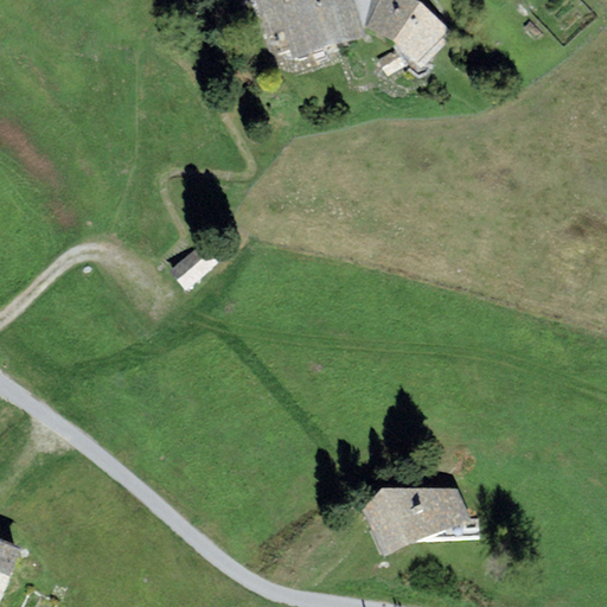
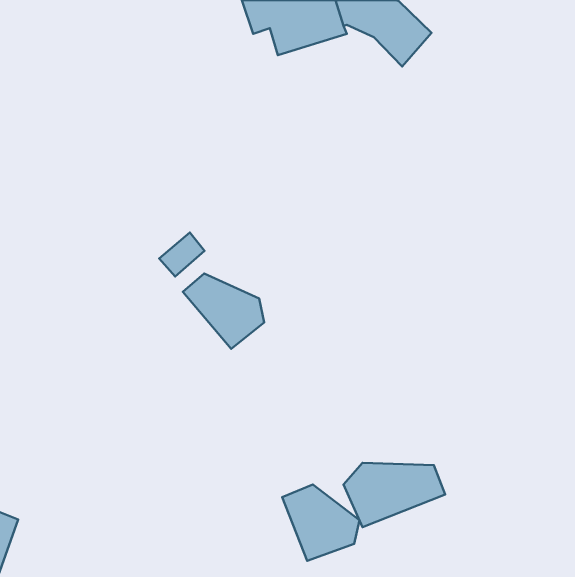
building: none -> [183,273,264,349]
building: none -> [282,484,359,561]

